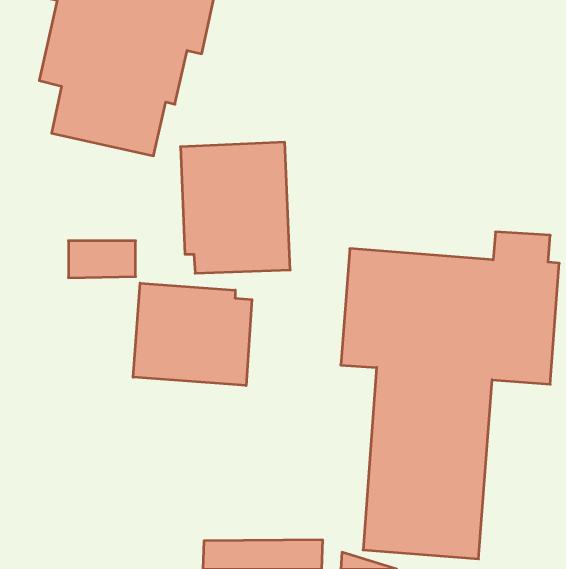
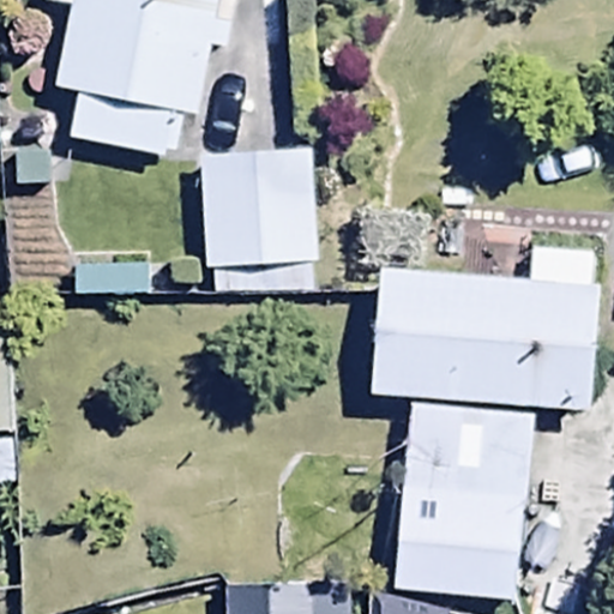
building: [133,283,252,386] -> none

